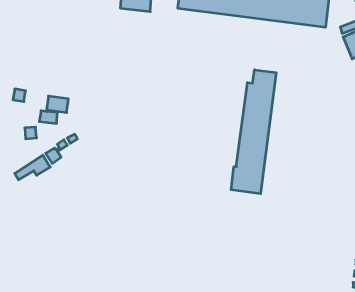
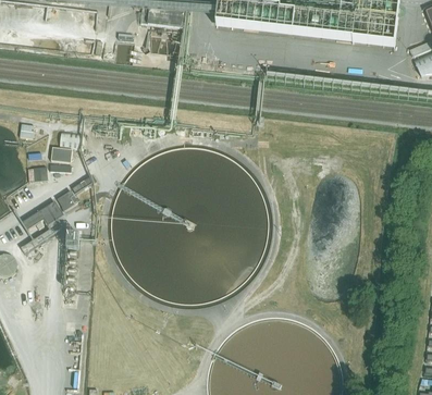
building: [231,70,276,194] -> none

